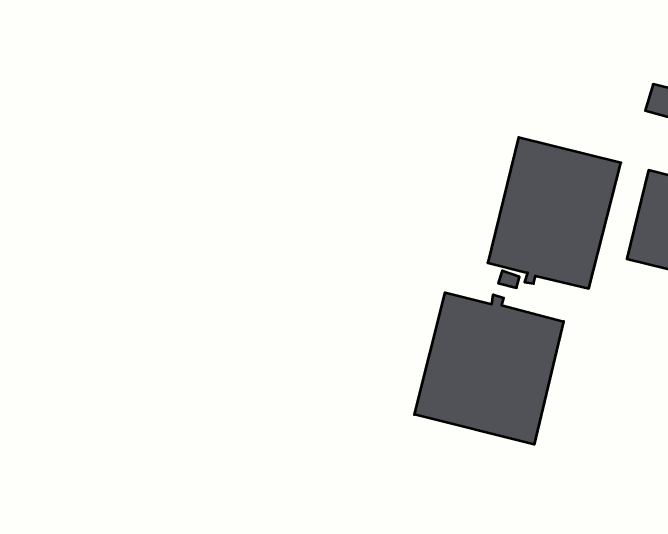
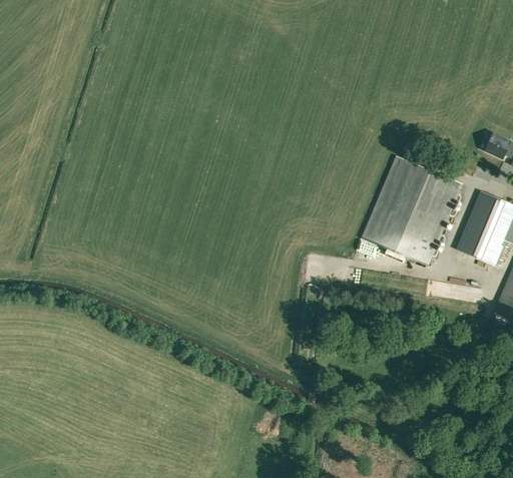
building: [414,293,564,444] -> none

